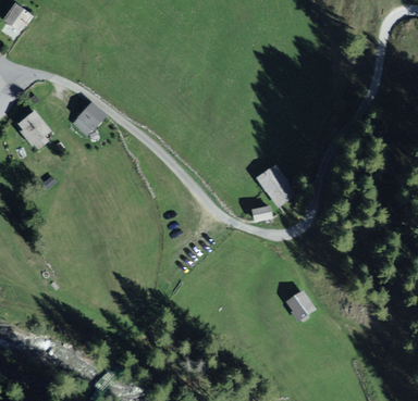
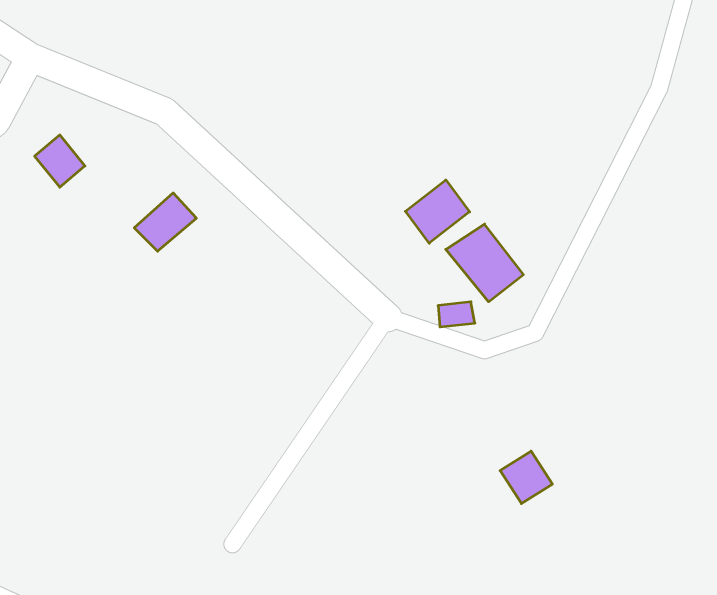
building: [72,102,107,135] -> [134,193,196,251]
building: none -> [405,180,470,243]

